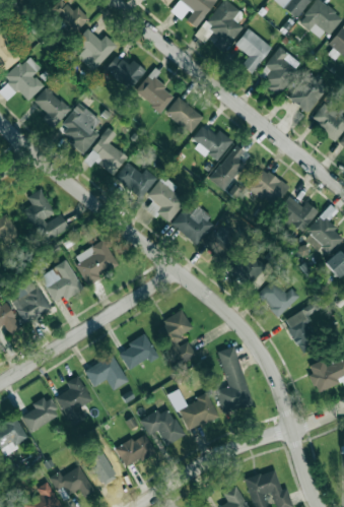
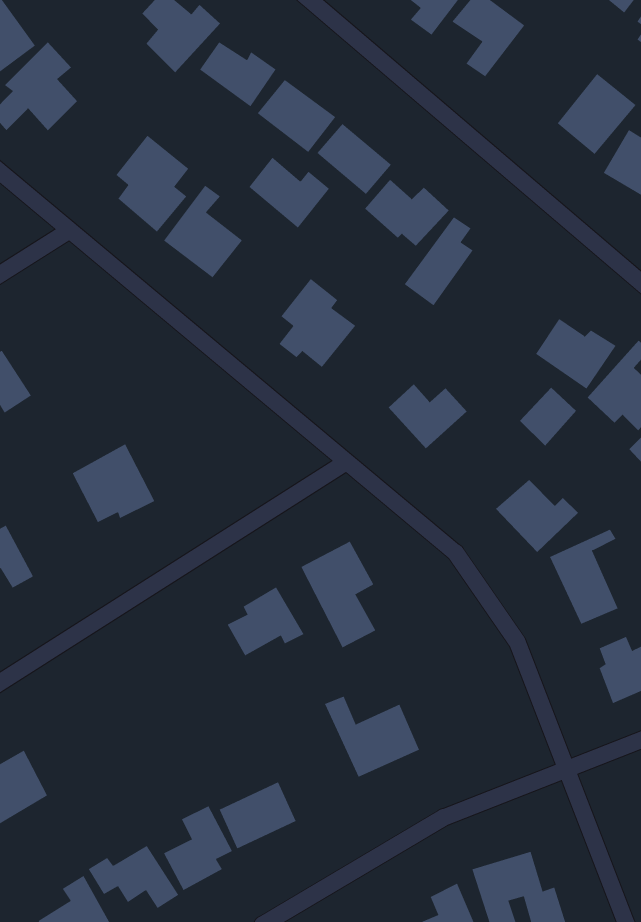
building: [257,47,301,93] -> none
building: [35,86,70,127] -> none
building: [116,162,157,198] -> [248,157,330,228]
building: [248,168,287,206] -> none
building: [23,189,69,244] -> none
building: [171,205,215,245] -> none
building: [73,240,118,286] -> none
building: [237,254,267,284] -> [519,387,577,447]
building: [13,277,51,324] -> none
building: [217,346,252,411] -> none
building: [84,353,129,390] -> none
building: [55,375,92,427] -> none
building: [21,395,60,432] -> none
building: [141,406,184,444] -> none

